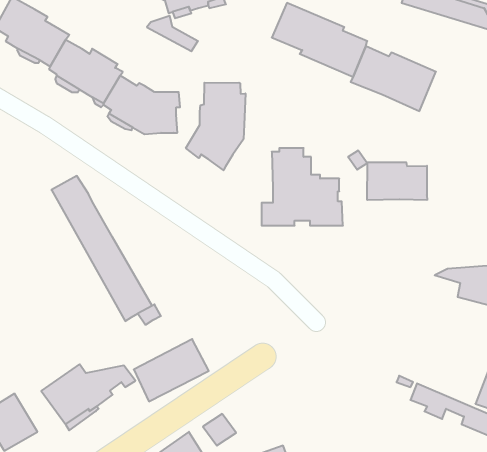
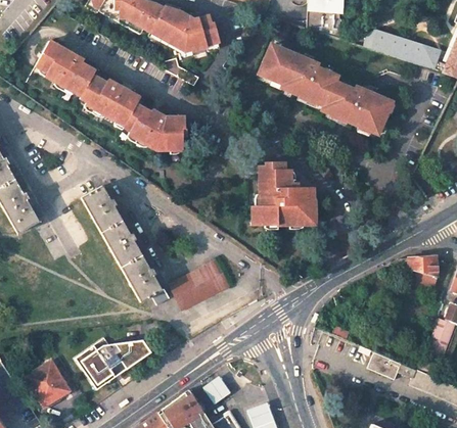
building: [186,83,245,170] -> none
building: [367,162,427,200] -> none
building: [134,339,209,401] -> [170,259,230,310]

